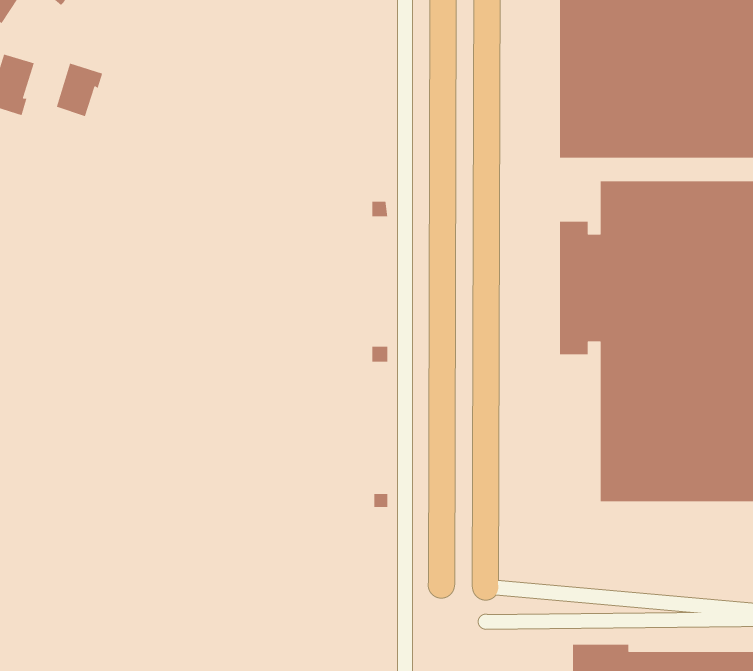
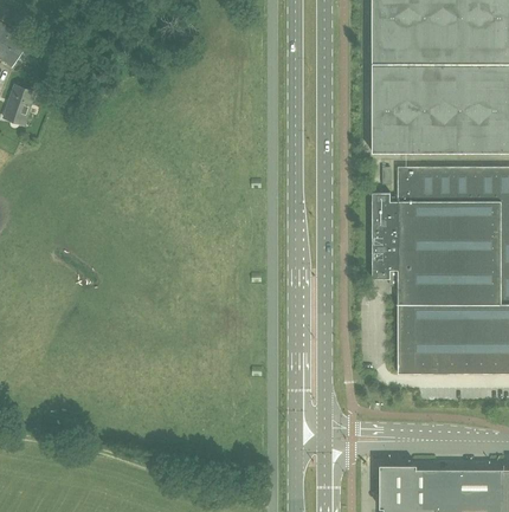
building: [56,63,103,117] -> none

